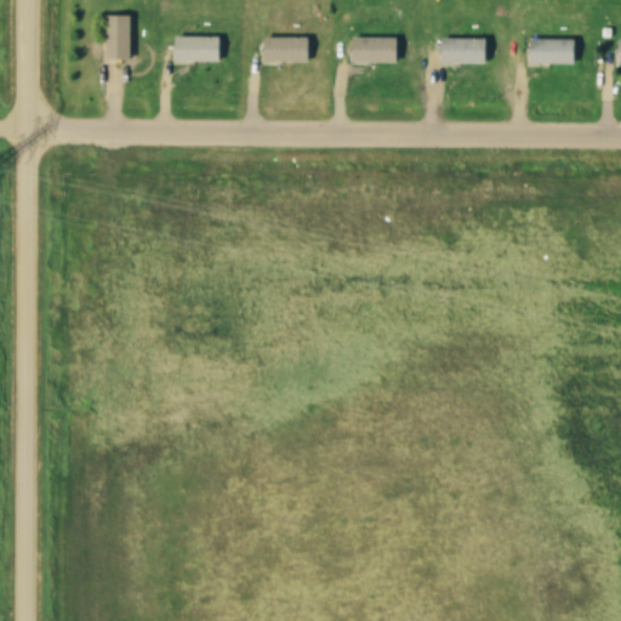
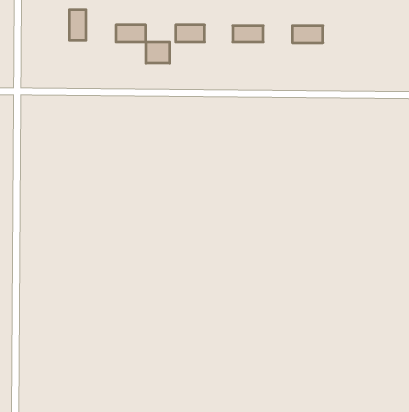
building: [526,39,575,64] -> none
building: none -> [146,42,170,63]

